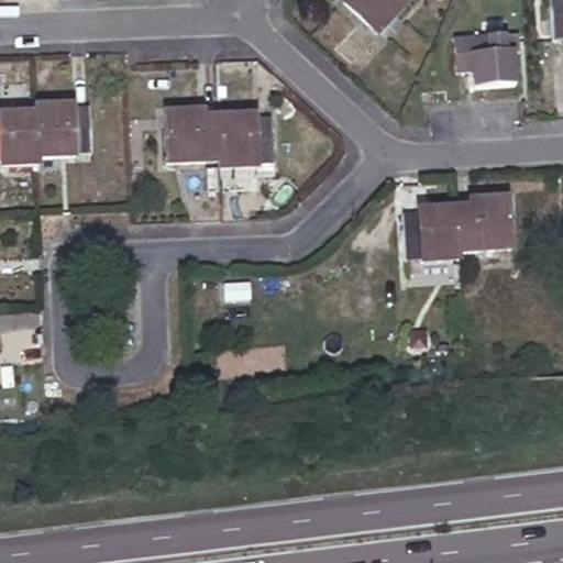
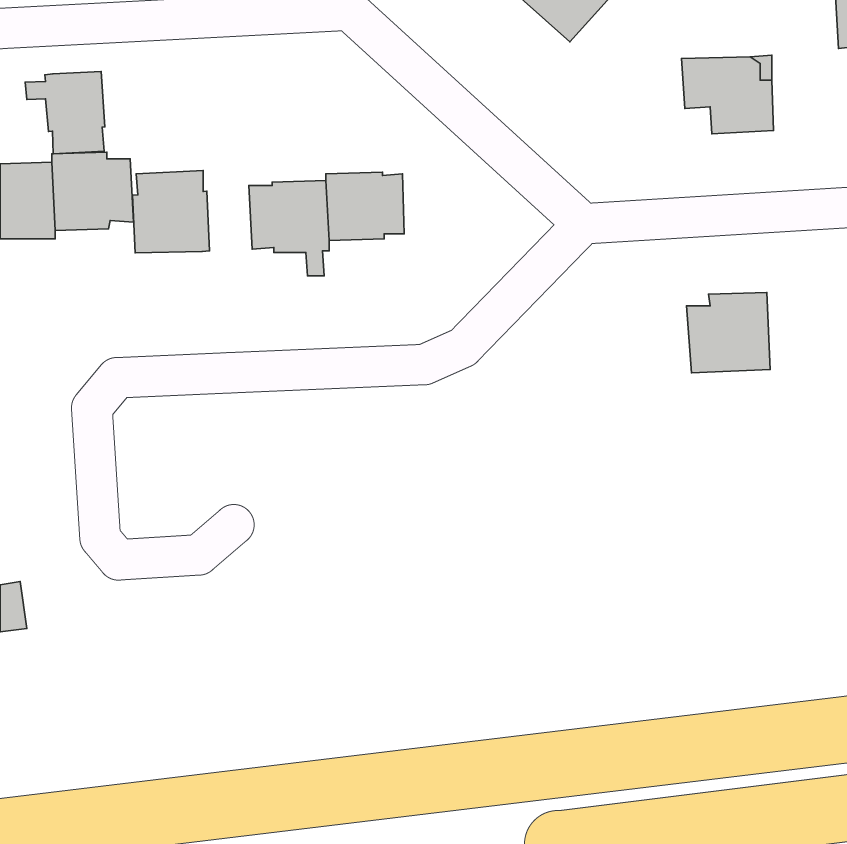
building: none -> [25,72,105,154]
building: none -> [132,170,210,253]
building: [406,201,460,253] -> none

